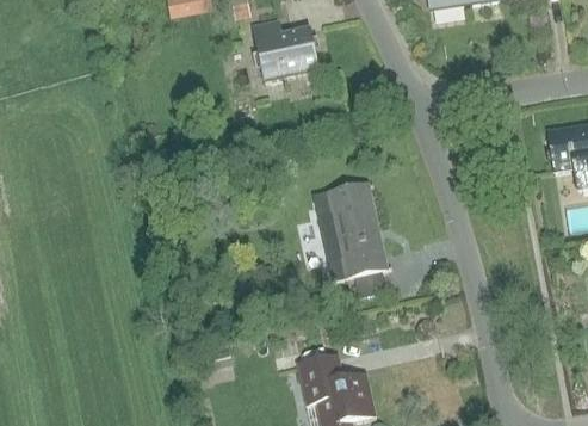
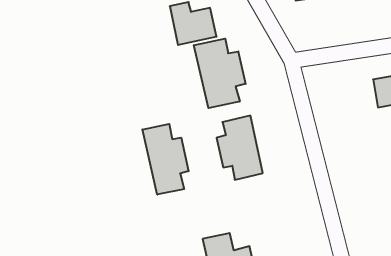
building: none -> [194,39,246,108]
building: none -> [142,124,189,195]

